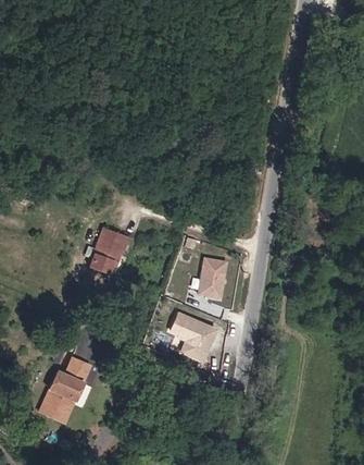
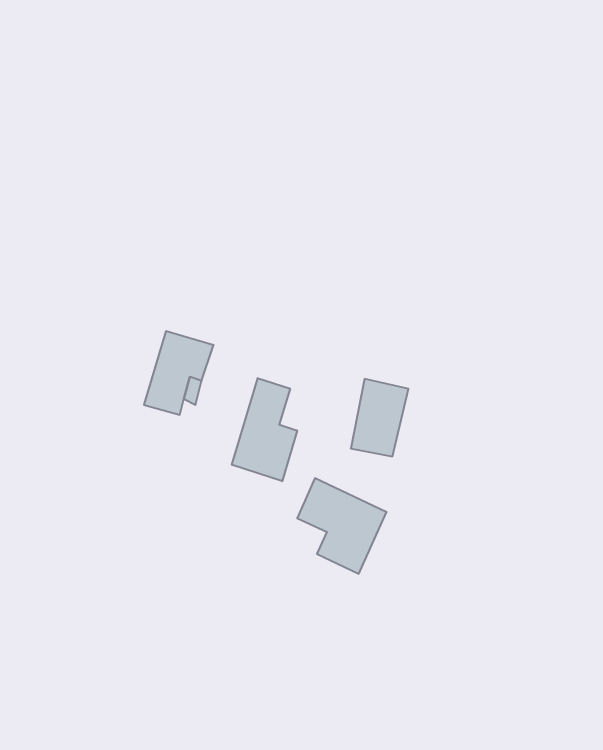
building: none -> [232,378,297,481]
building: [37,363,89,424] -> none

